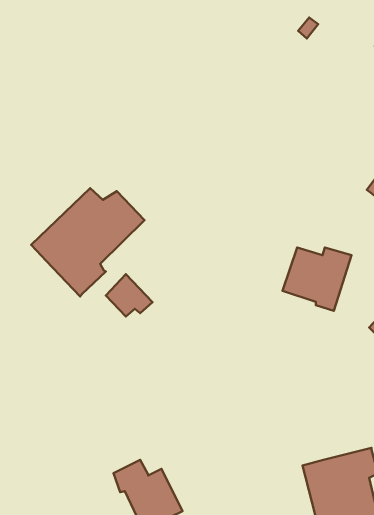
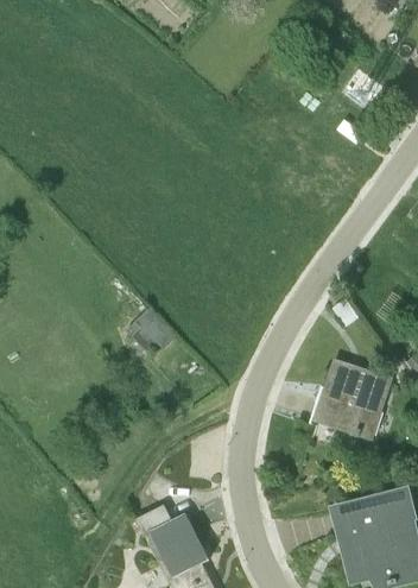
building: [31,188,145,296] -> none
building: [283,247,352,311] -> [317,372,391,440]

